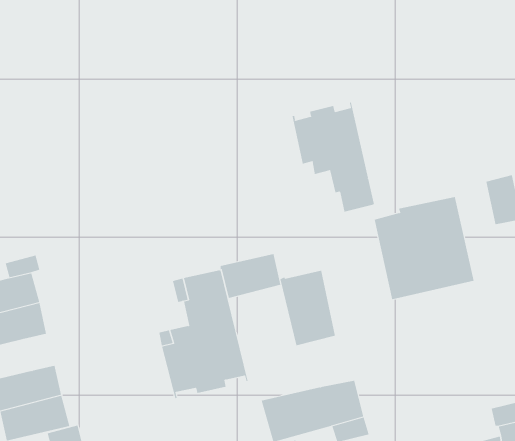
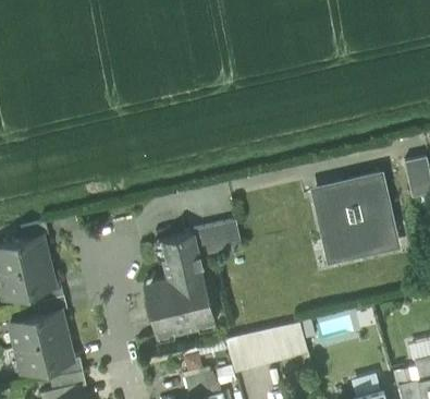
building: [292,101,375,212] -> none
building: [280,270,336,346] -> none
building: none -> [35,283,66,315]

